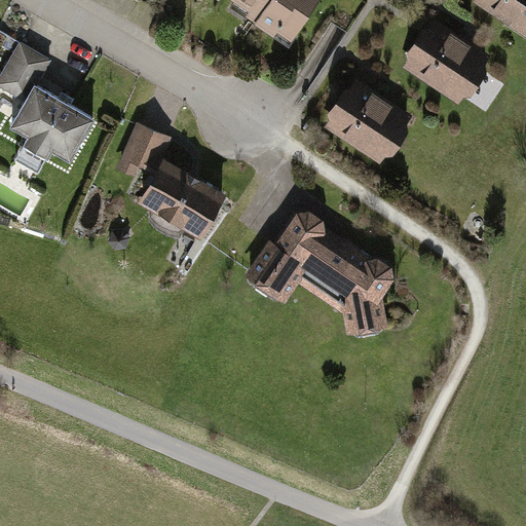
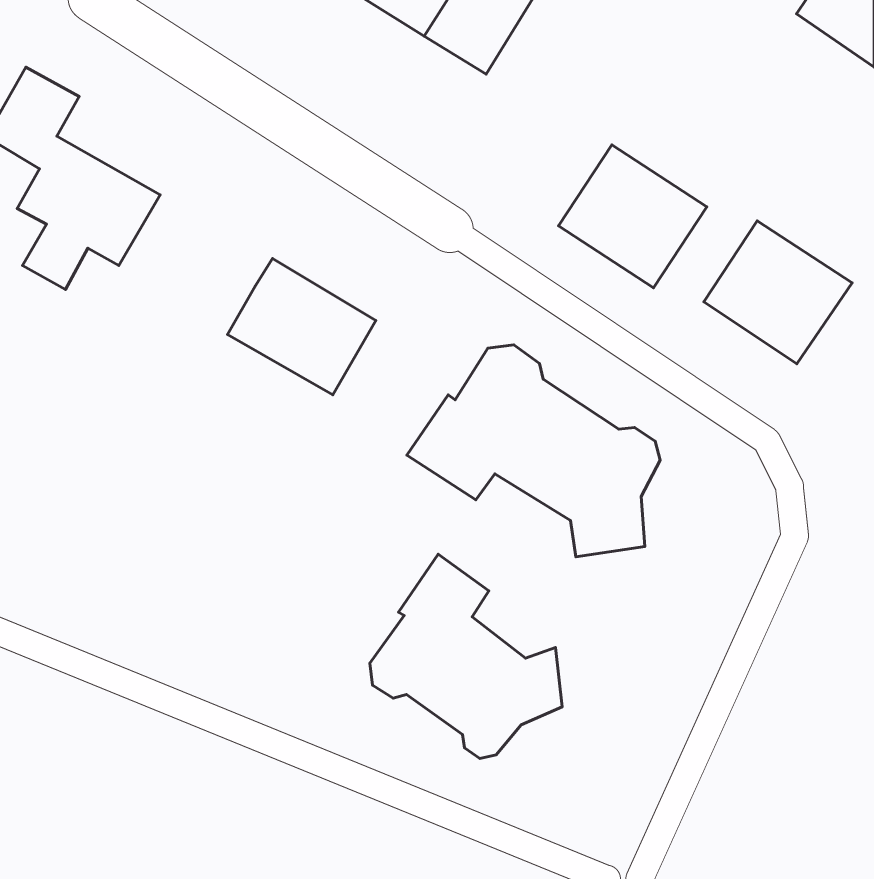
building: [406,25,494,110] -> [704,221,852,364]
building: [112,119,165,175] -> none
building: none -> [370,554,562,759]

